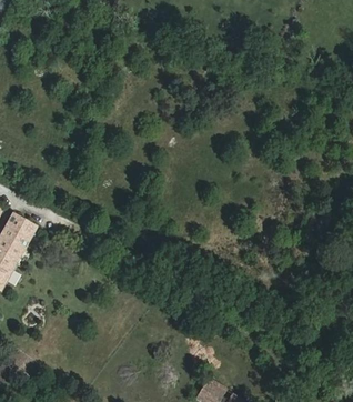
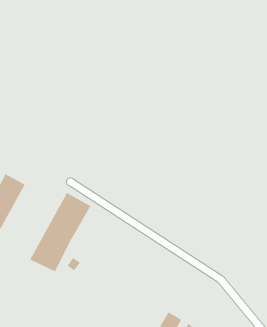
building: none -> [30,192,91,272]

